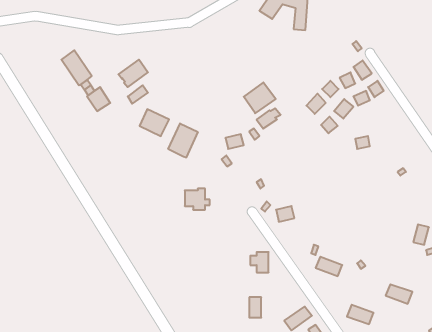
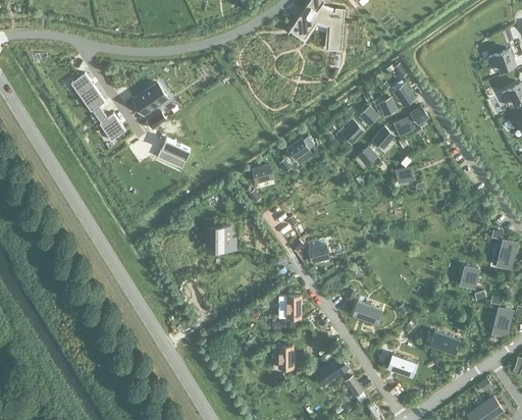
building: [244,82,276,113] -> none
building: [168,123,198,158] -> none

